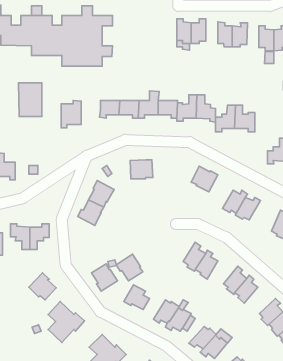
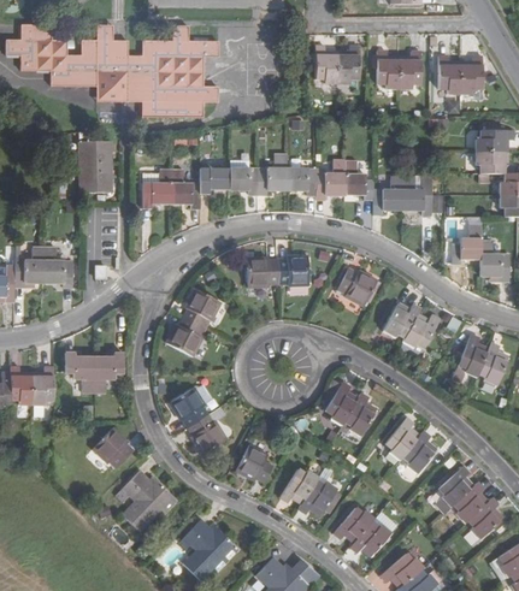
building: none -> [171,170,200,209]
building: none -> [277,256,308,285]
building: [116,254,143,281] -> [169,388,208,427]

